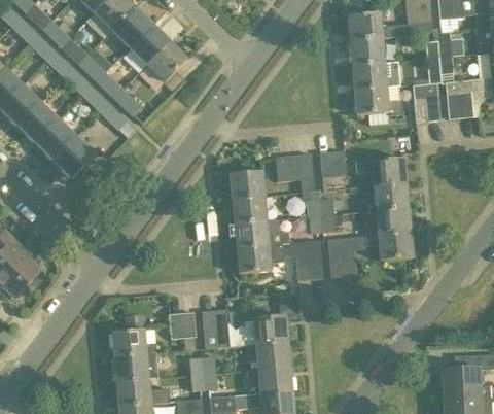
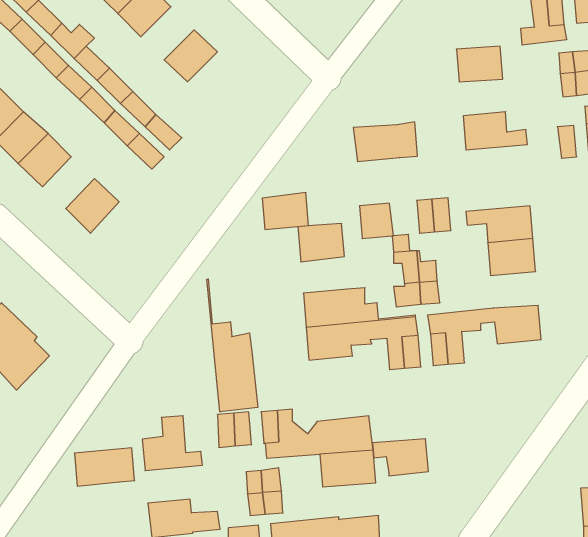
building: [111,7,151,47] -> none
building: [347,12,382,39] -> none
building: [146,41,186,82] -> none
building: [351,60,399,90] -> [353,122,417,162]
building: [412,82,437,123] -> none
building: [37,120,76,160] -> none
building: [232,196,267,223] -> [262,193,309,229]
building: [364,207,411,235] -> none
building: none -> [207,279,258,412]
building: [114,353,160,382] -> [74,448,135,486]
building: [248,367,290,394] -> [372,439,428,476]

